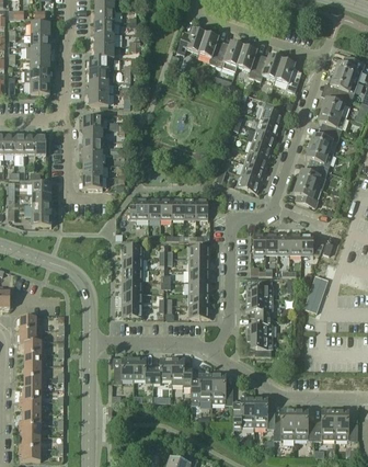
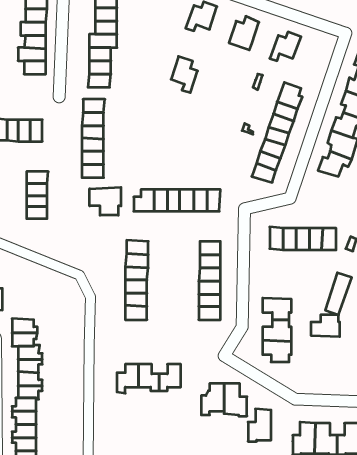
building: [198,32,222,65] -> [171,56,198,93]
building: [237,46,261,79] -> none
building: [274,59,301,93] -> none
building: [294,181,321,207] -> none
building: none -> [90,187,121,215]
building: [246,278,273,298] -> [311,315,340,337]
building: [172,357,192,386] -> none
building: [254,399,275,428] -> none

